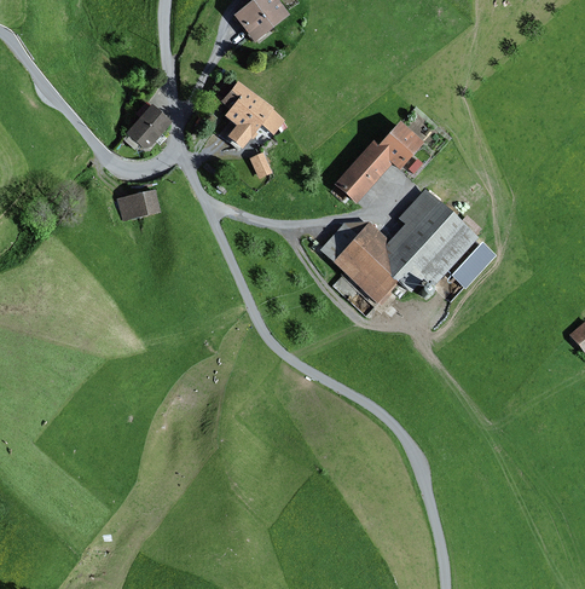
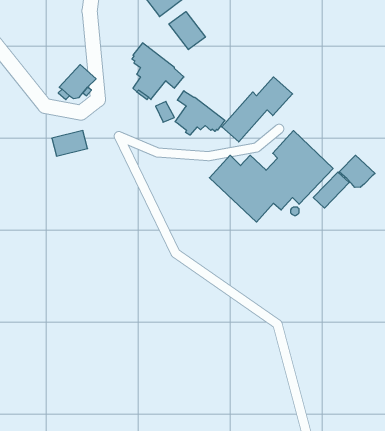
building: none -> [169,12,205,50]
building: none -> [175,91,225,135]
building: none -> [339,155,375,187]

